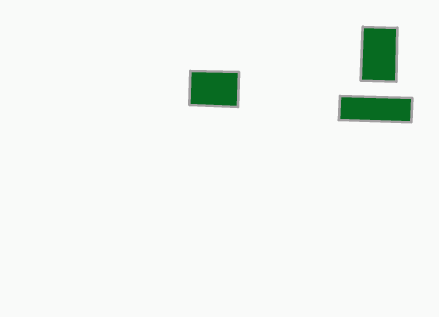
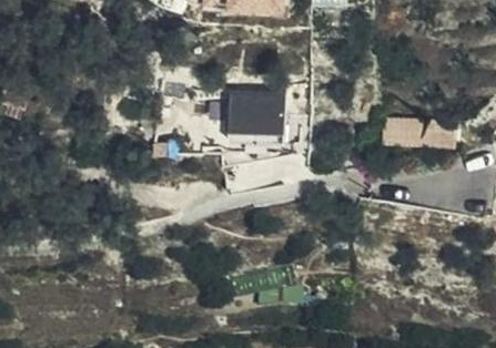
building: [361,27,397,82] -> none

